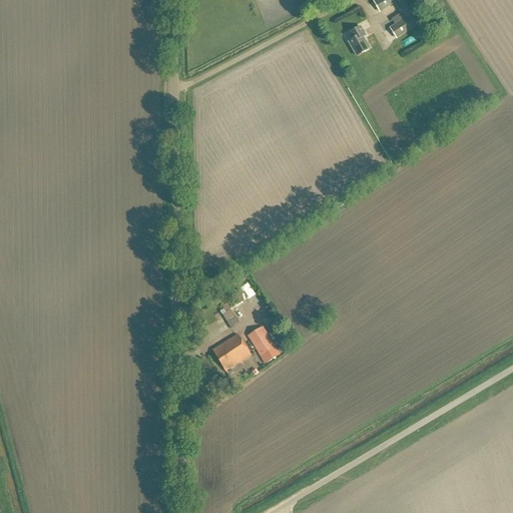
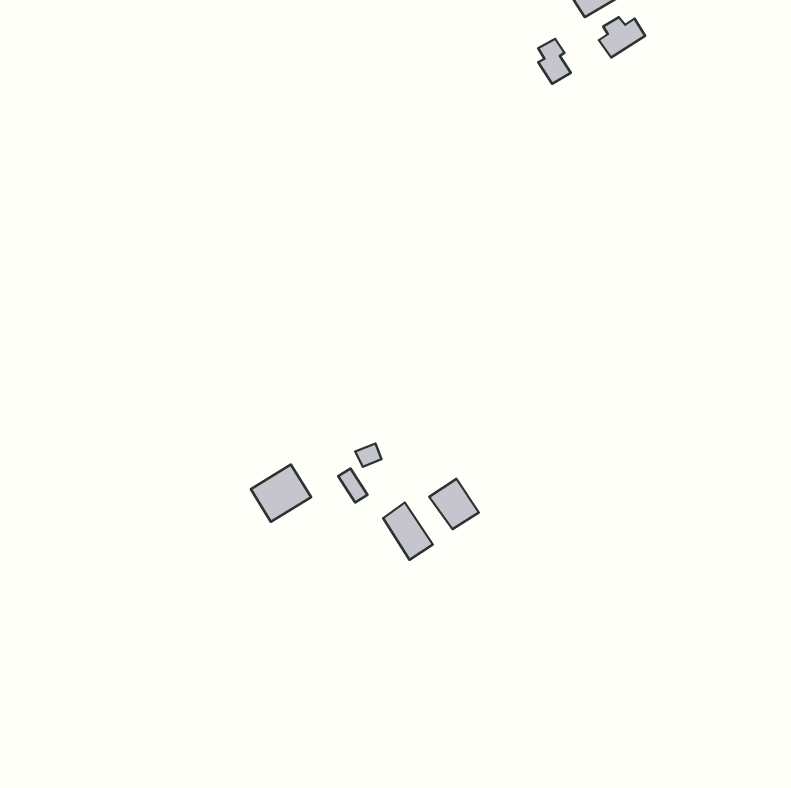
building: none -> [429,479,479,529]
building: [211,333,250,370] -> [251,464,311,522]

